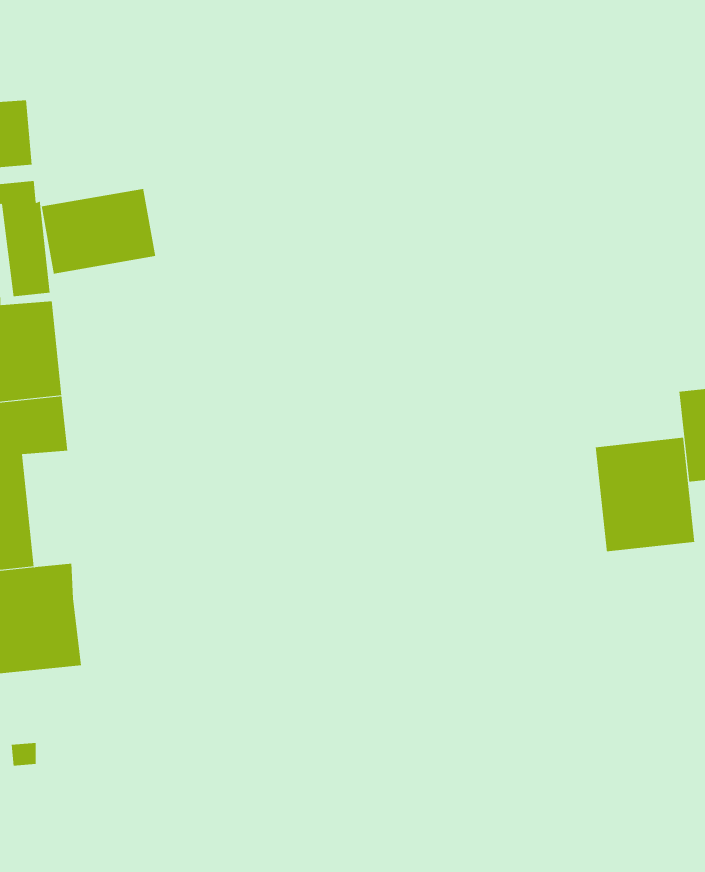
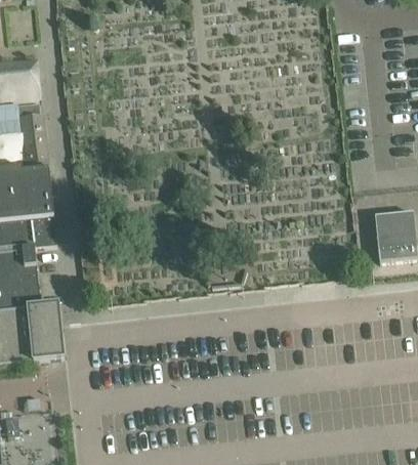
building: [41,188,156,275] -> none
building: [595,437,695,552] -> none

